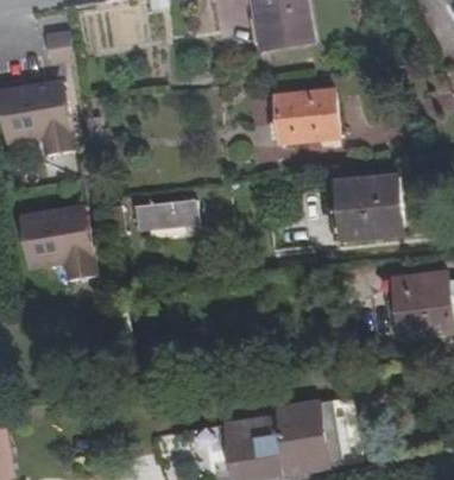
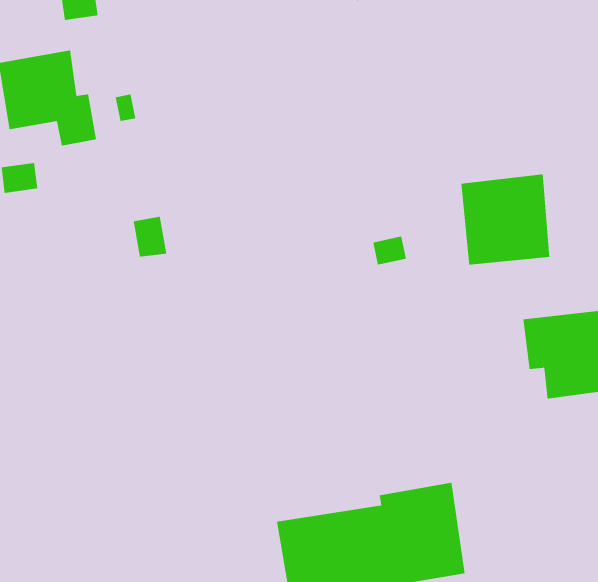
building: [276,88,340,143] -> none
building: [134,191,197,229] -> none
building: [23,208,94,279] -> none

